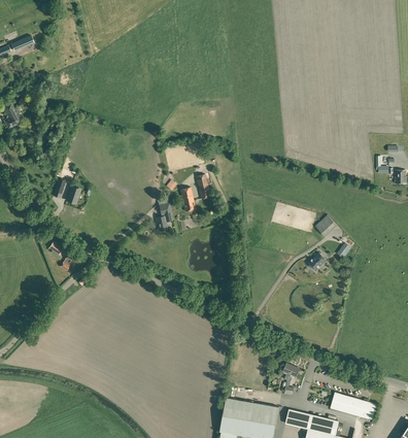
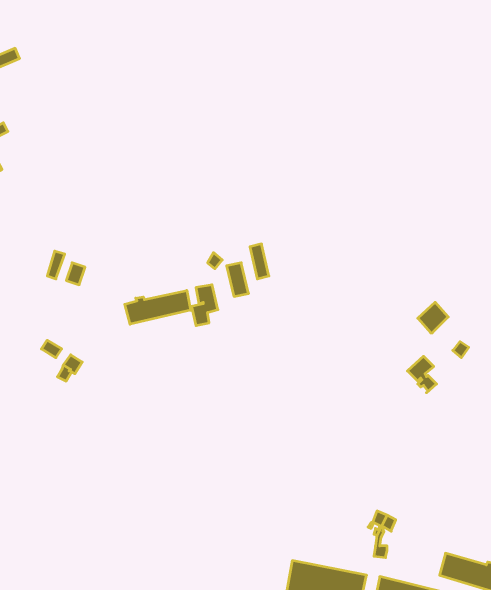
building: none -> [125,290,191,324]

